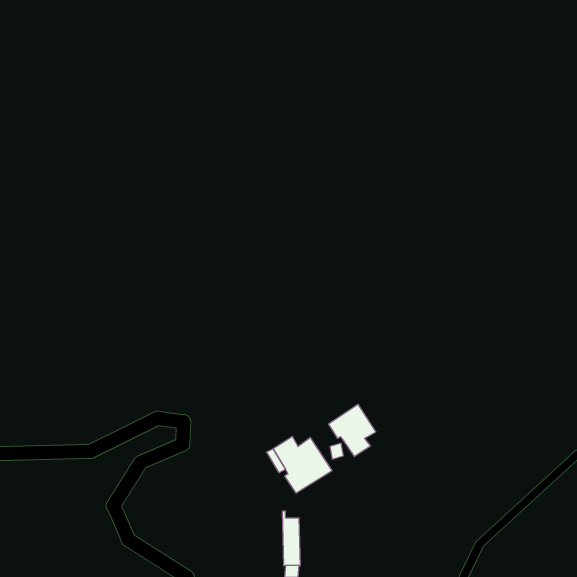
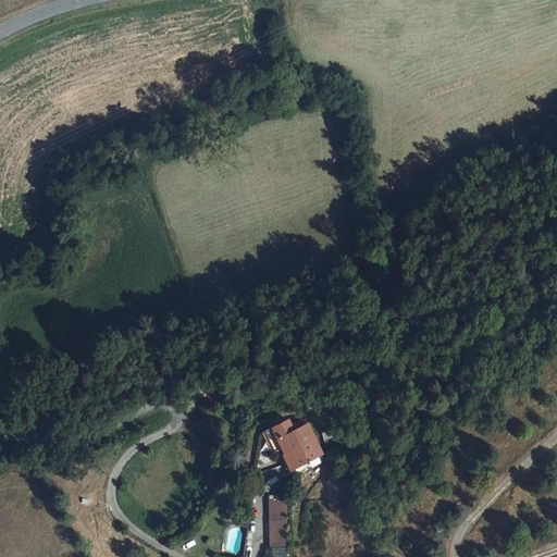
building: [329,404,376,457] -> none

